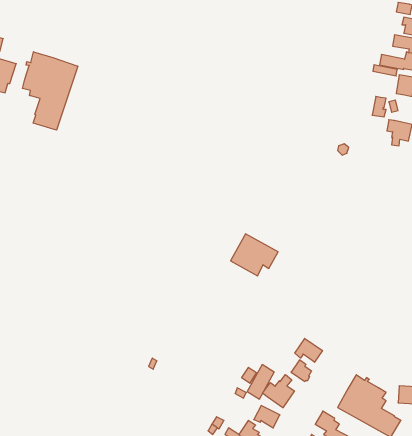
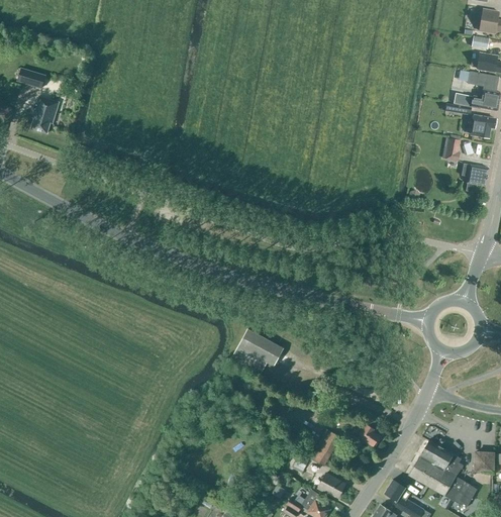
building: [22,52,78,130] -> none
building: [231,234,278,276] -> [231,328,283,374]
building: [295,338,322,362] -> none
building: [263,375,294,408] -> none

